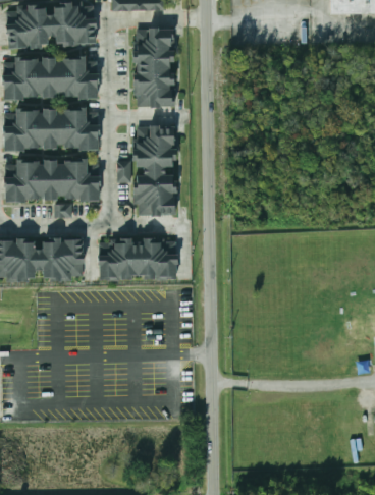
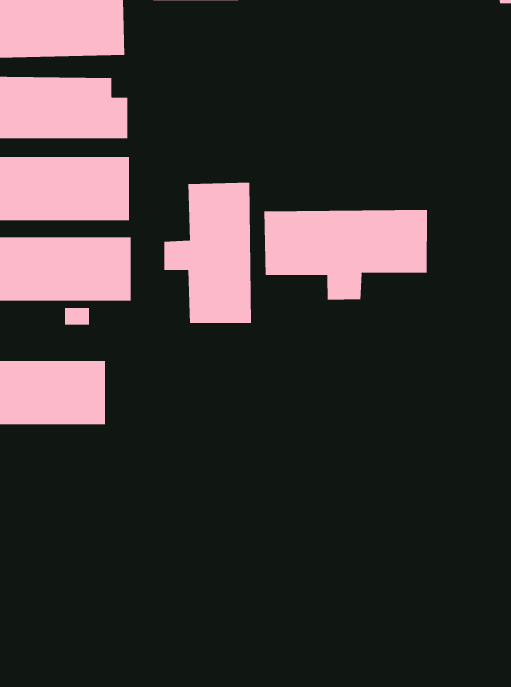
building: [136,29,173,108] -> none
building: none -> [264,209,427,300]
building: [98,240,175,280] -> none

